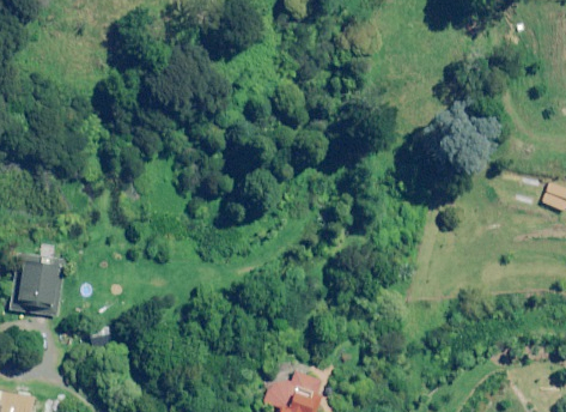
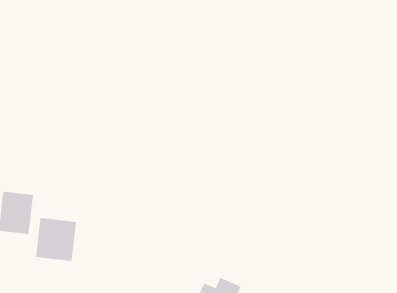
building: none -> [35,217,77,262]

